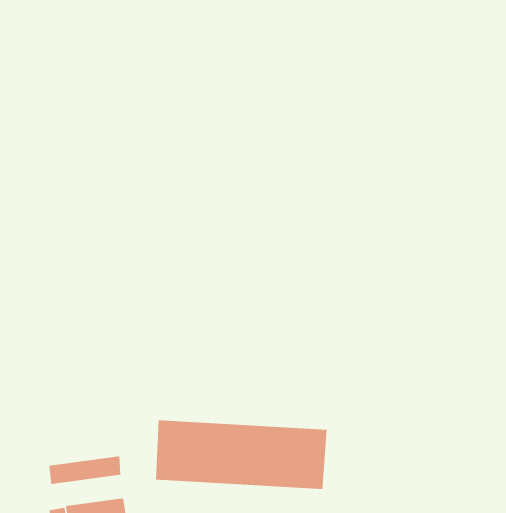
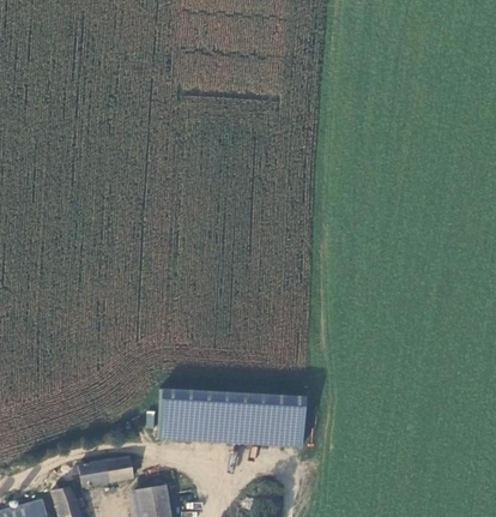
building: [49,455,121,485] -> none

